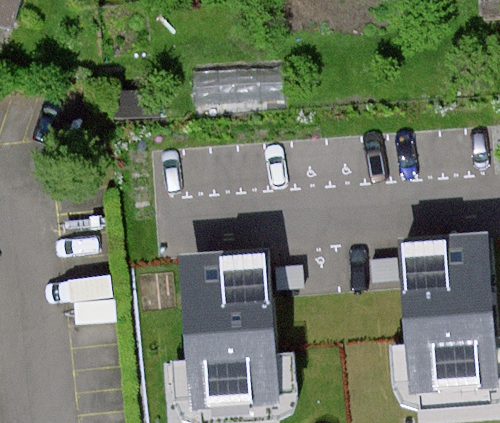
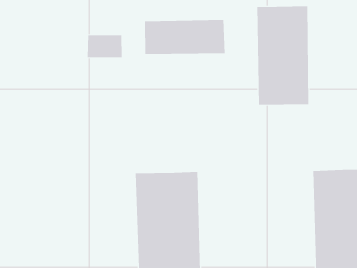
building: none -> [257,6,309,105]

